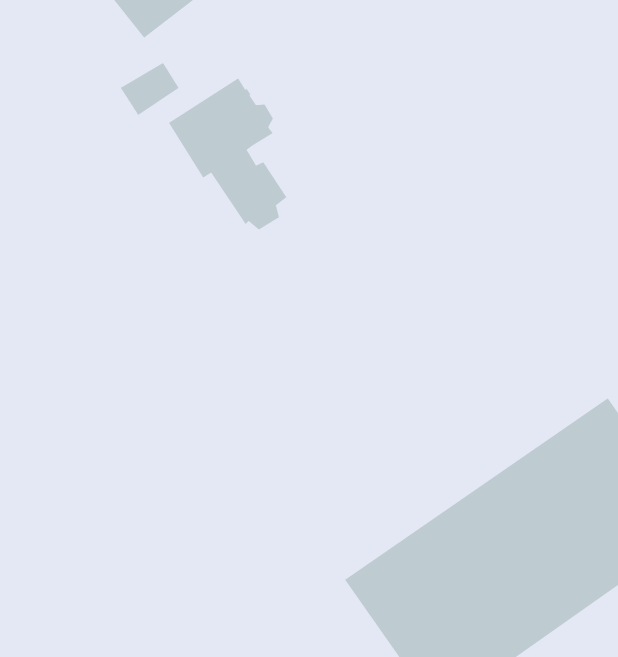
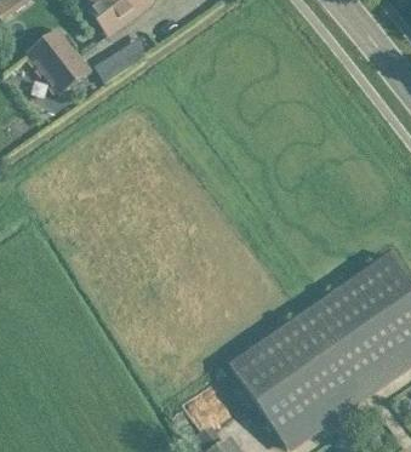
building: none -> [27,27,92,93]
building: [168,77,287,231] -> none

